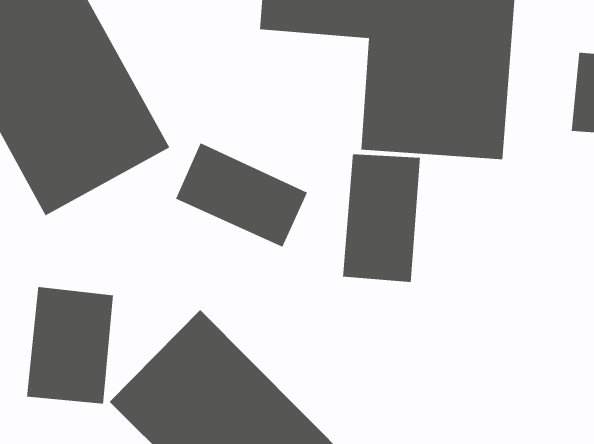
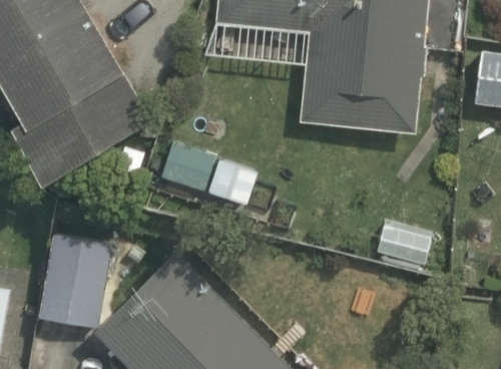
building: [342,153,420,283] -> none

